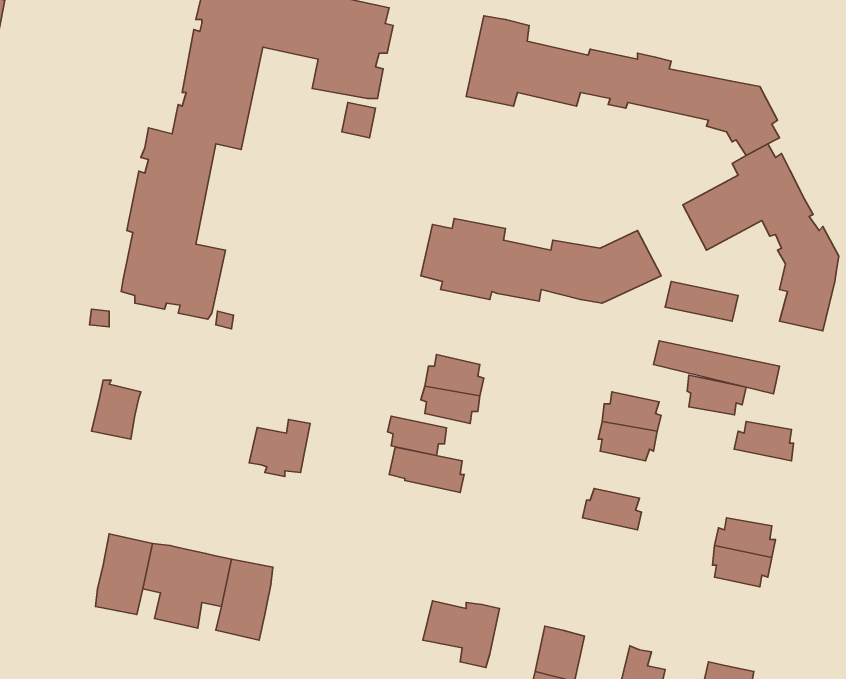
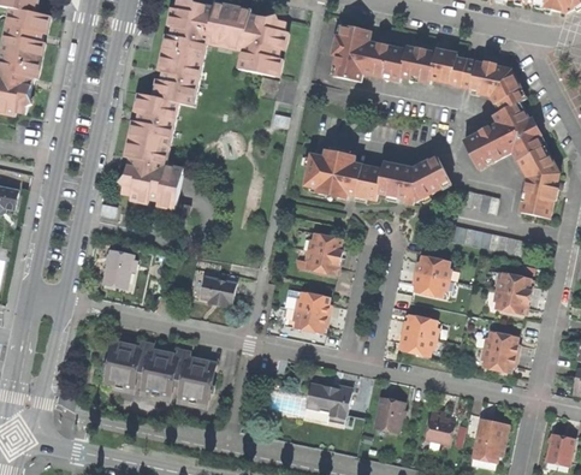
building: [687,375,746,415] -> [493,290,529,314]
building: [387,416,447,456] -> [291,309,327,333]
building: none -> [399,332,435,357]

